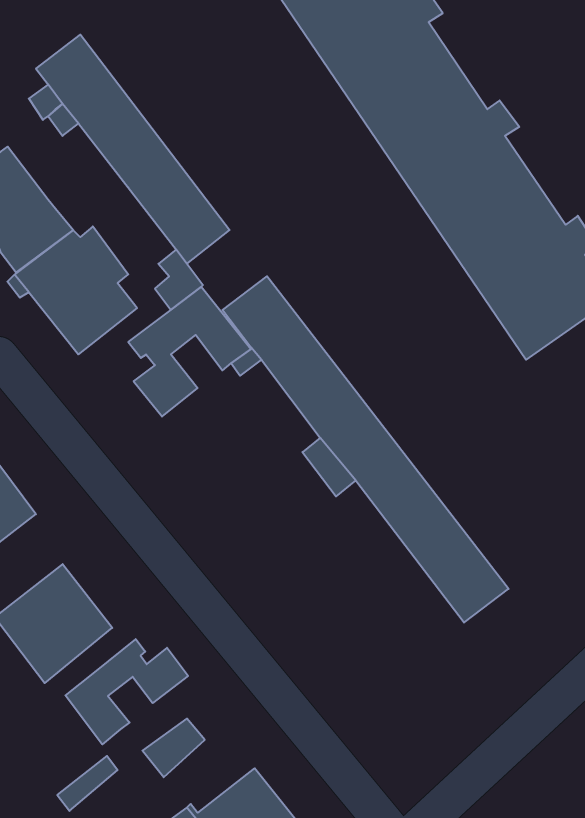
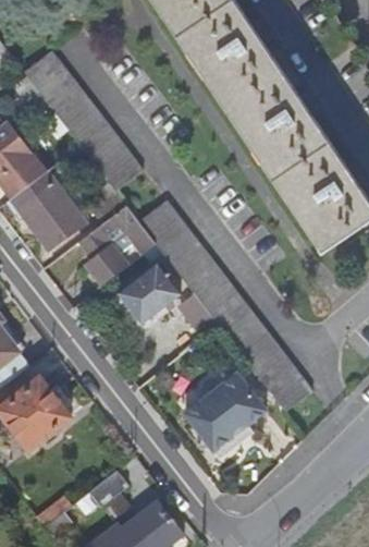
building: none -> [118,264,180,323]
building: none -> [184,373,266,450]
building: [65,639,188,744] -> none

